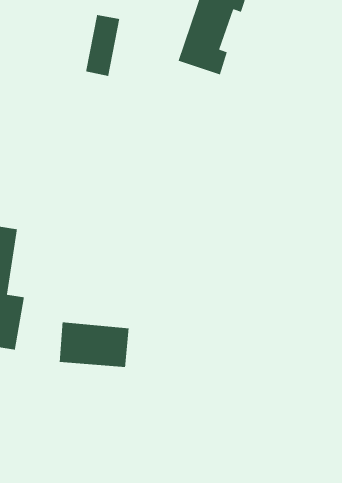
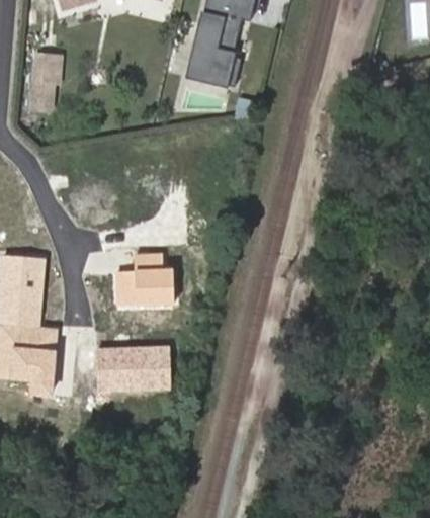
building: [85,14,120,77] -> [28,53,59,114]
building: none -> [113,254,172,306]

